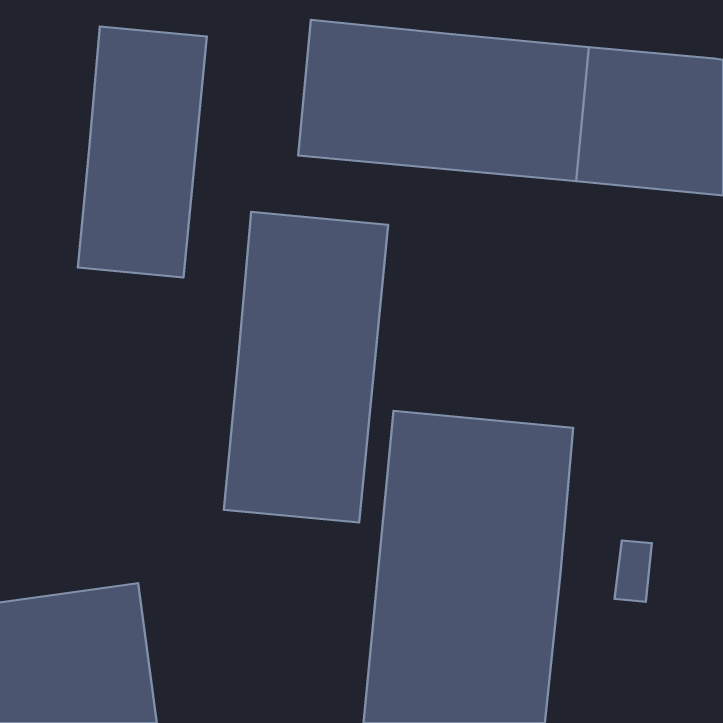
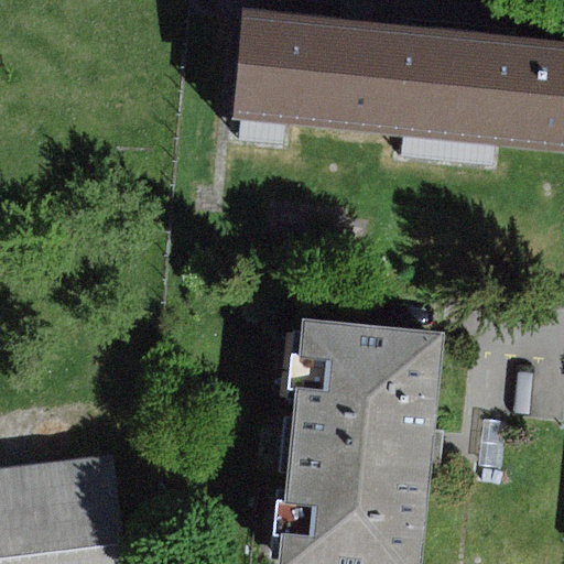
building: [78,26,207,277] -> none
building: [224,212,388,522] -> none

